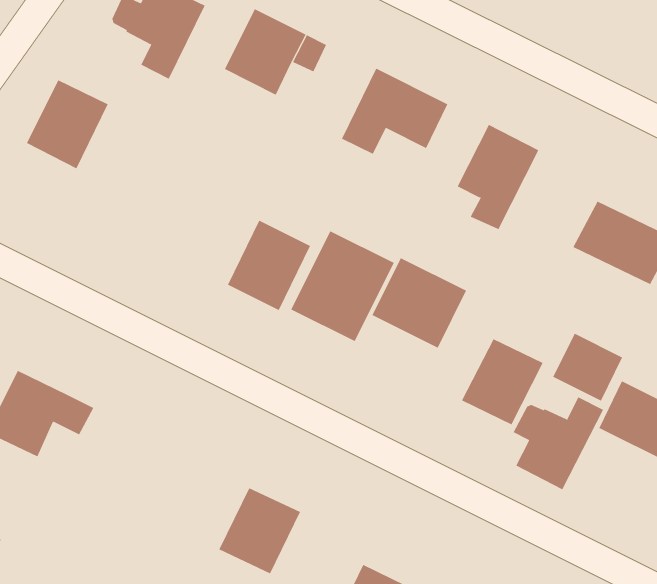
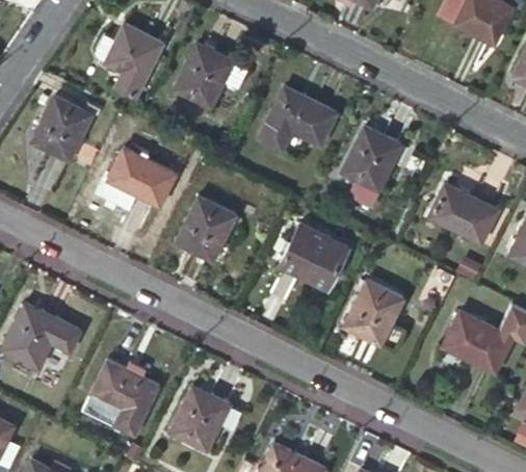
building: none -> [108,148,176,205]
building: [291,230,394,342] -> none
building: [553,333,623,402] -> none
building: [513,397,604,490] -> none
building: none -> [91,363,159,437]

